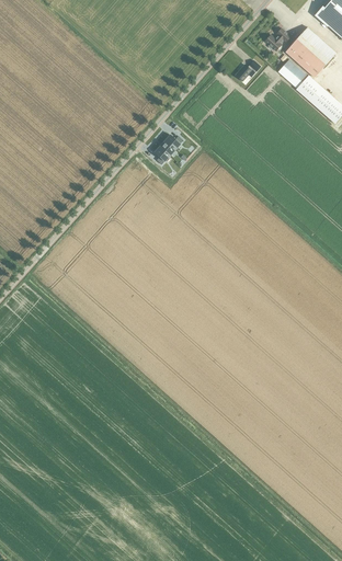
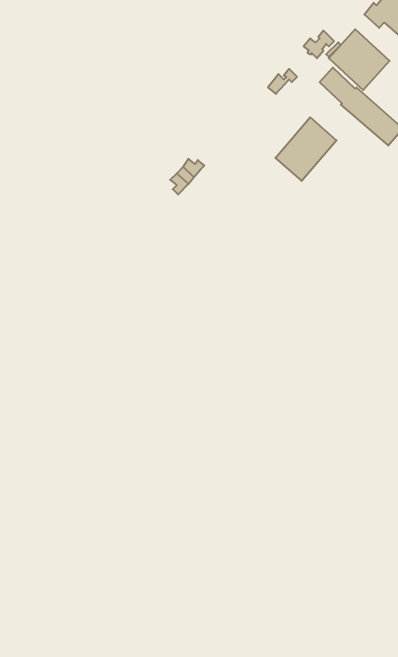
building: none -> [275,117,337,181]

